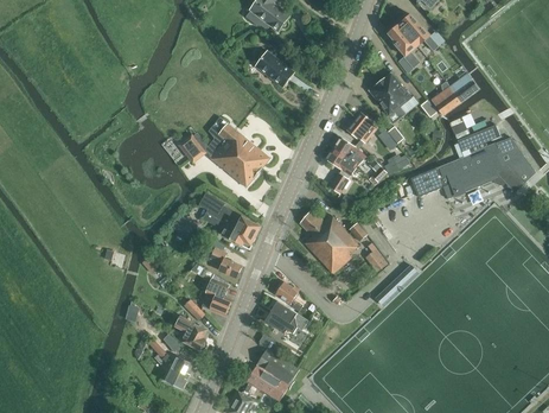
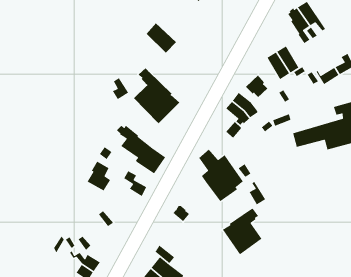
building: [255,50,294,87] -> [146,22,177,54]
building: none -> [222,208,262,256]
building: [202,278,231,314] -> [87,161,111,192]
building: [266,300,308,333] -> none
building: [175,316,205,349] -> none

